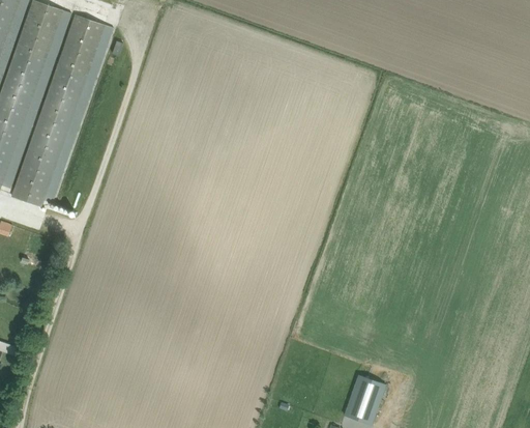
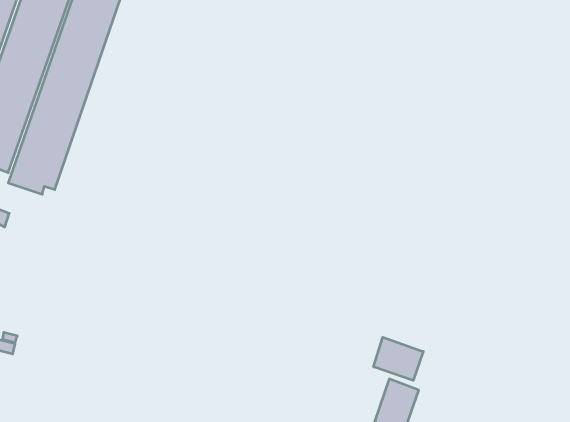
building: none -> [374,337,423,380]

